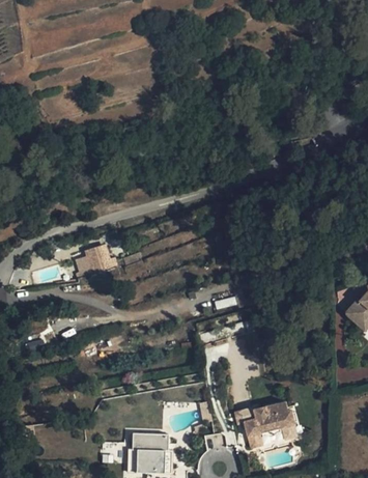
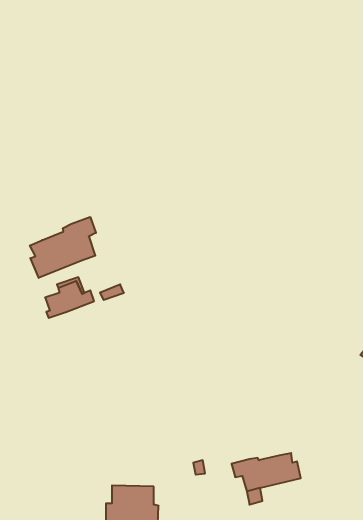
building: none -> [30,217,96,278]

